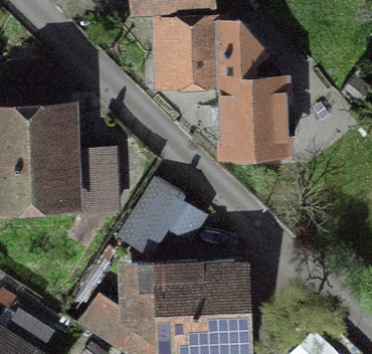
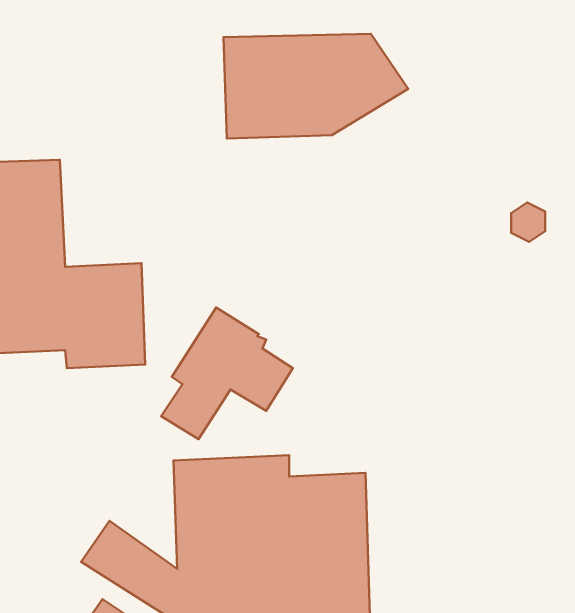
building: [220,52,285,154] -> none

